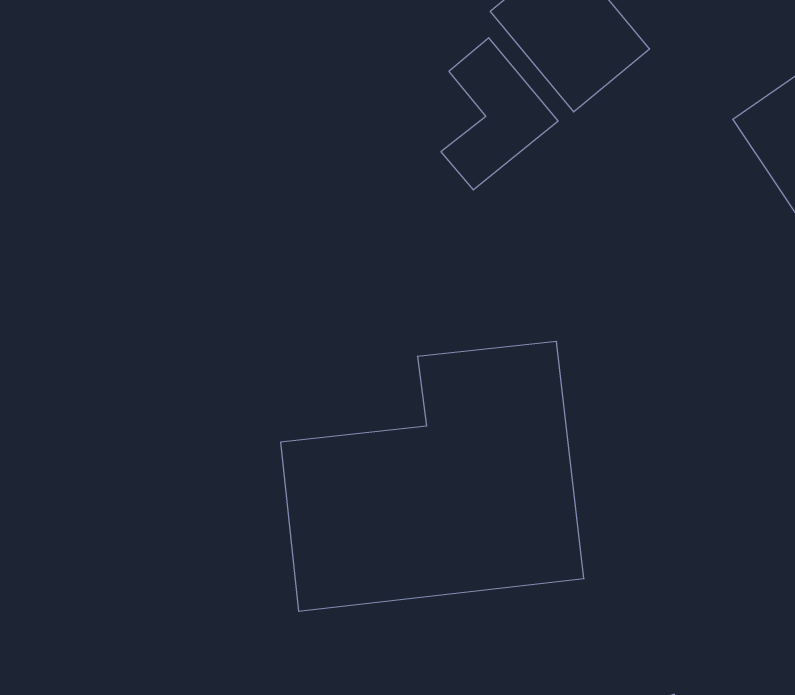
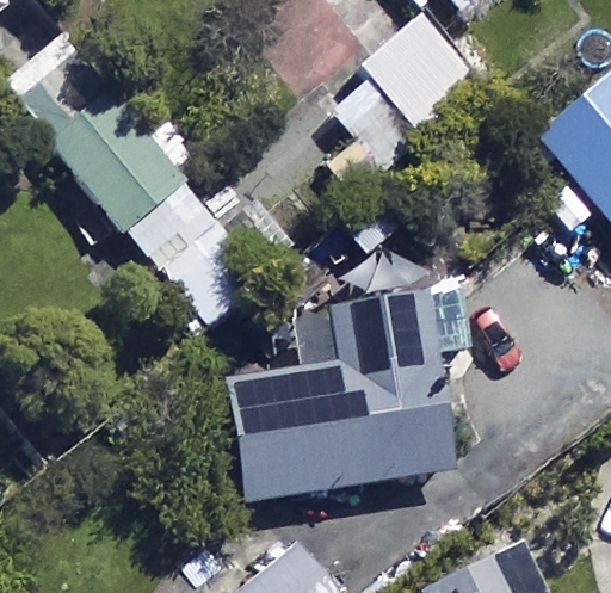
building: none -> [43,80,267,326]

